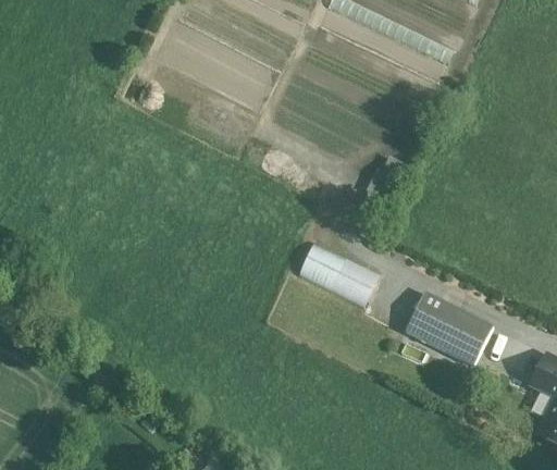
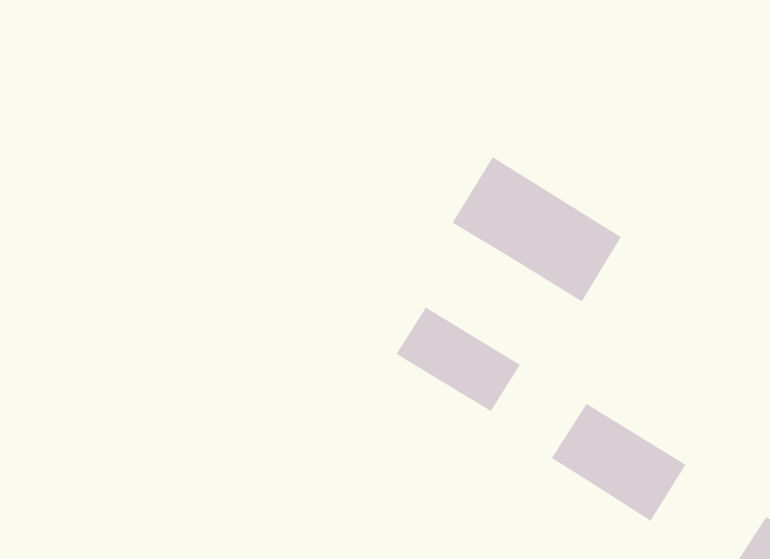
building: none -> [452,156,622,302]

